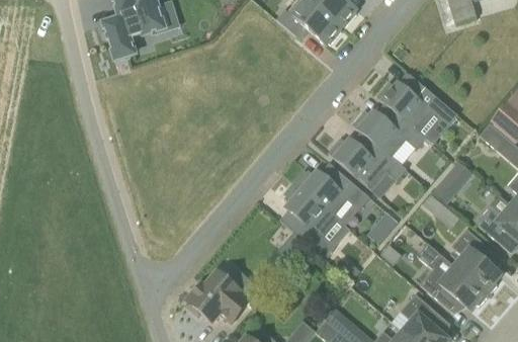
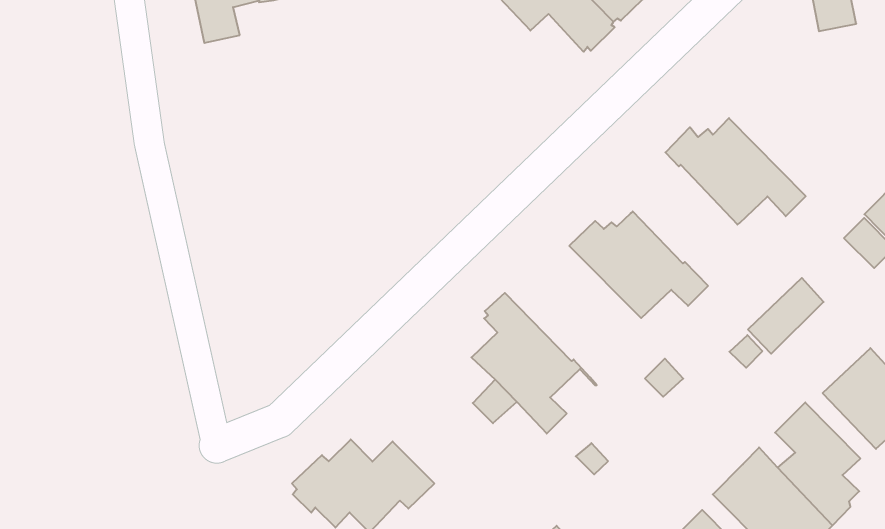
building: [352,103,432,158] -> none
building: [294,163,369,218] -> none

